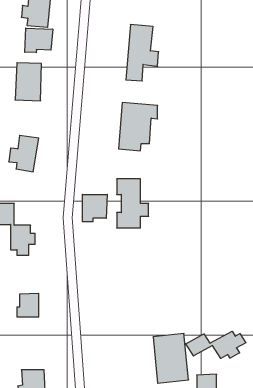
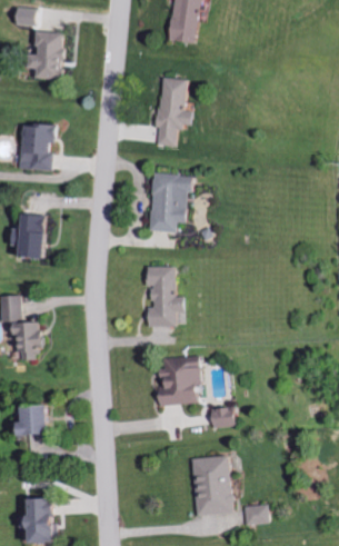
building: [25,28,53,53] -> none
building: [82,194,107,222] -> none
building: none -> [157,358,199,405]
building: none -> [209,407,235,427]
building: [186,331,246,358] -> none

